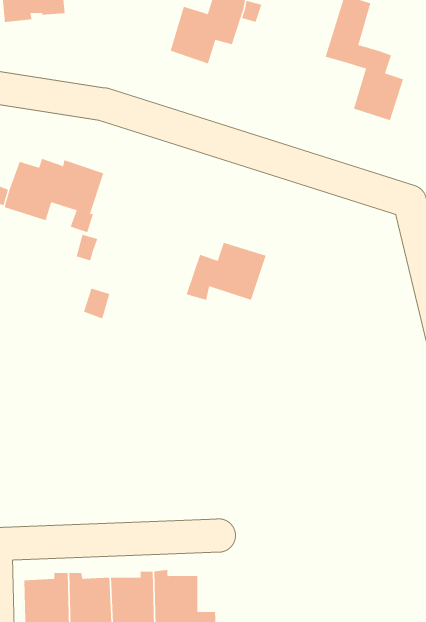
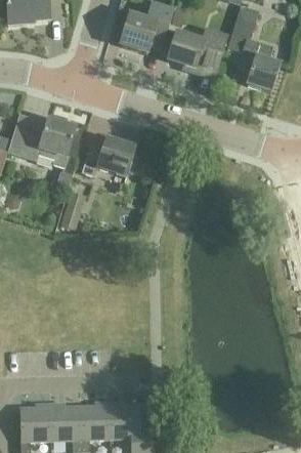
building: none -> [168,31,226,71]
building: [186,242,266,300] -> [81,136,136,176]

